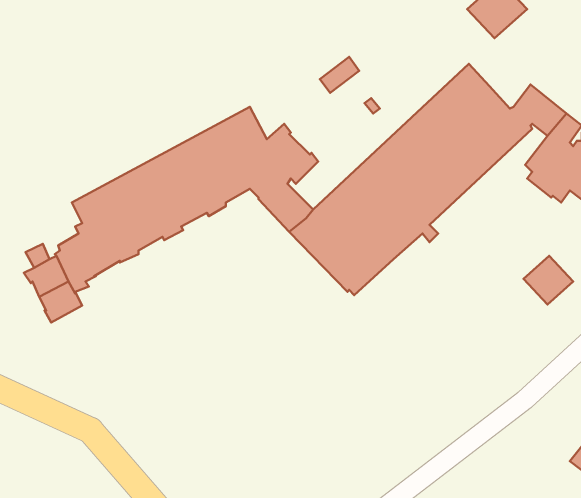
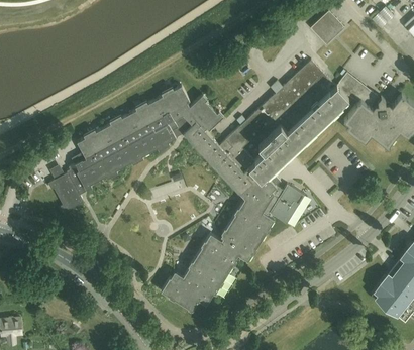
building: [524,256,573,304] -> none
building: none -> [161,176,304,311]

